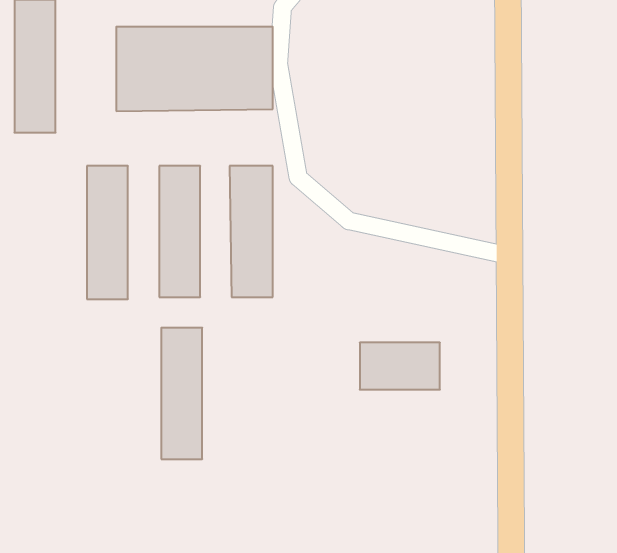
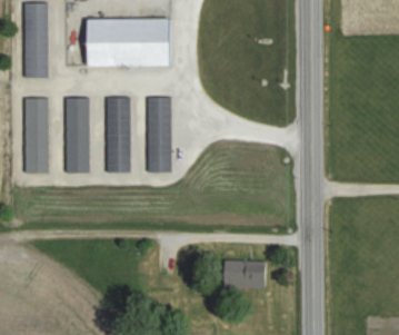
building: [161,328,202,459] -> [24,98,48,173]
building: [360,343,440,390] -> [222,260,268,287]

